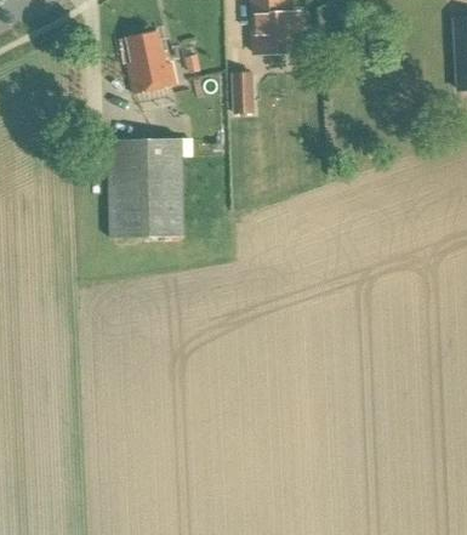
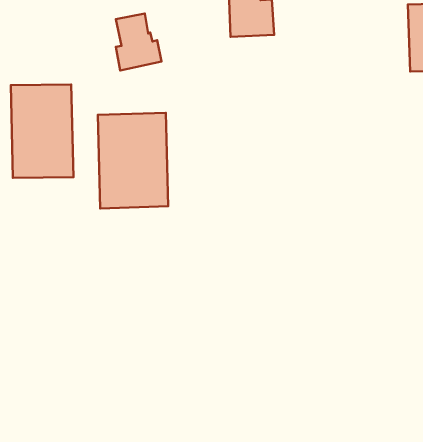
building: [230,72,254,114] -> none
building: none -> [11,84,73,178]

